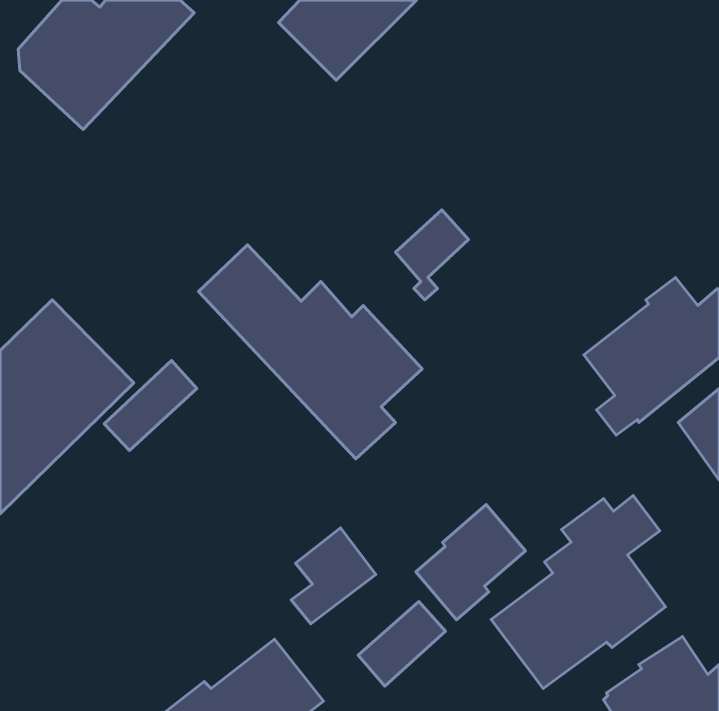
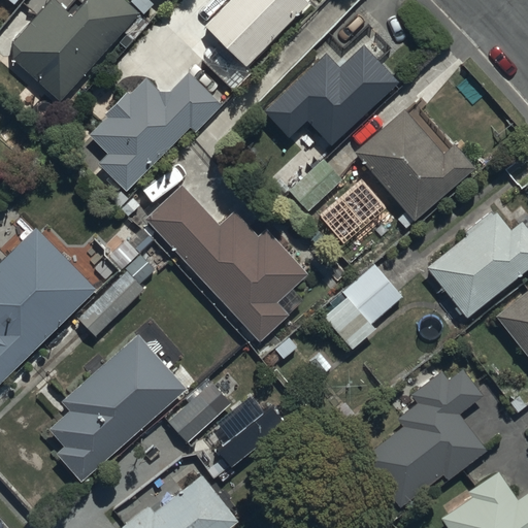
building: none -> [265,34,400,143]
building: none -> [88,73,223,192]
building: none -> [355,108,475,221]
building: none -> [51,335,187,481]
building: [416,504,525,620] -> [323,265,403,350]
building: [358,602,445,686] -> [167,378,231,440]

